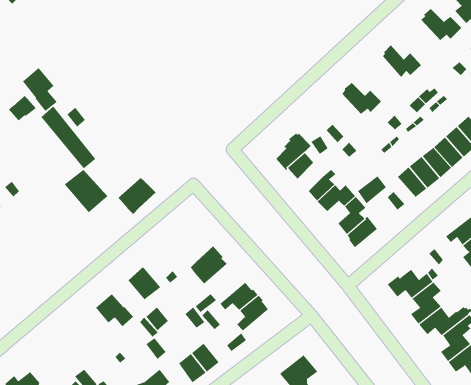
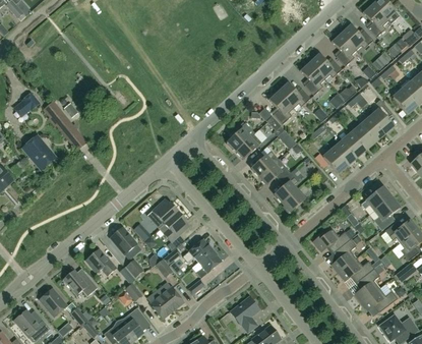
building: none -> [331,34,356,66]
building: none -> [300,62,325,95]
building: [22,67,58,112] -> none
building: none -> [268,92,294,124]
building: [64,169,108,213] -> [21,135,56,170]
building: [117,177,156,215] -> [147,198,178,228]
building: none -> [63,269,98,295]
building: none -> [39,287,67,316]

